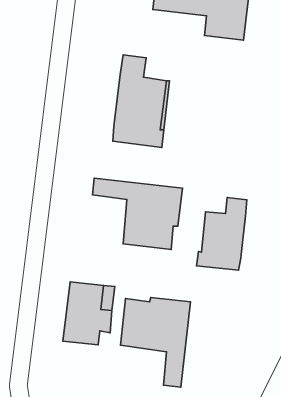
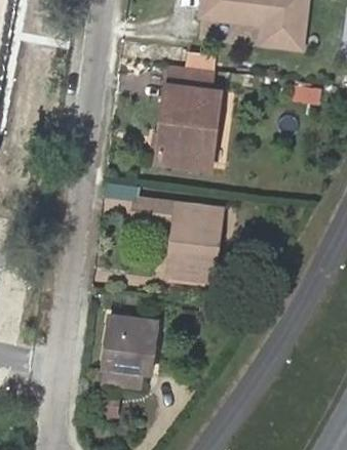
building: [197,197,247,270] -> none
building: [120,298,191,387] -> none

